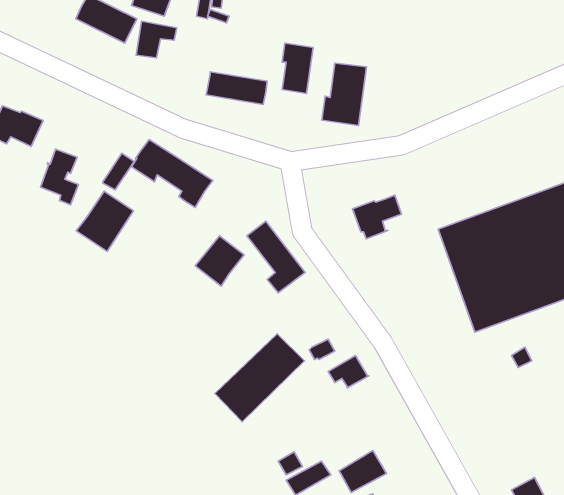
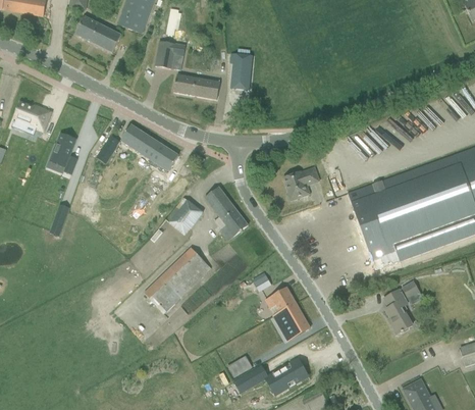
building: [136,21,177,58] -> [156,40,187,67]
building: [322,63,367,125] -> none
building: [76,191,134,252] -> none
building: [215,334,304,422] -> [145,247,212,313]
building: none -> [384,289,413,332]
building: none -> [273,302,311,338]

